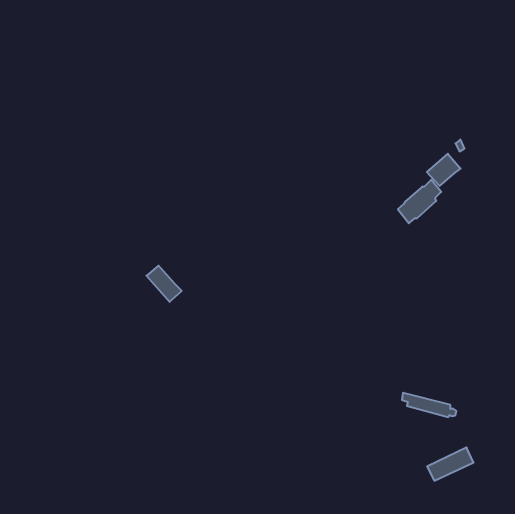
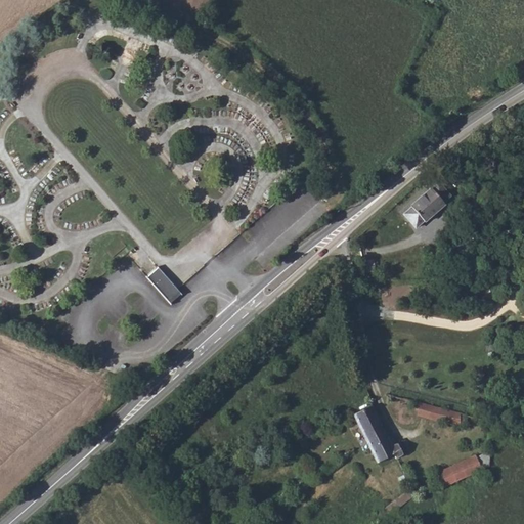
building: [427,154,461,186] -> none
building: none -> [355,405,403,463]

